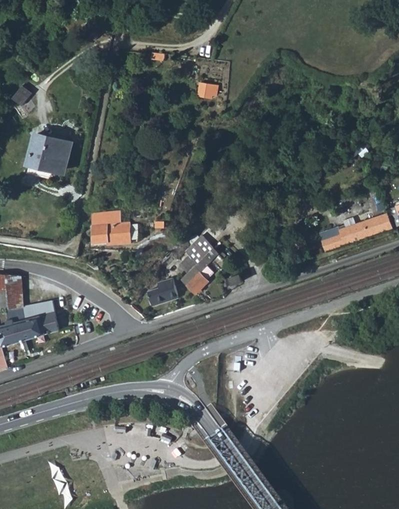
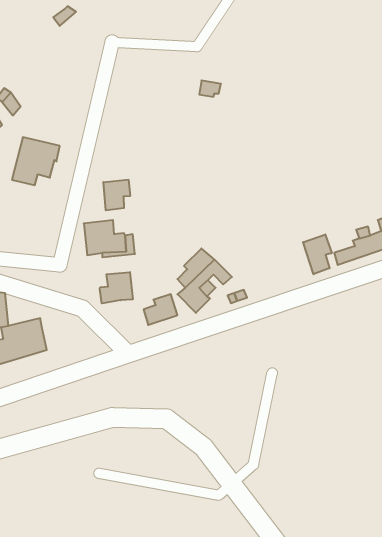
building: none -> [103,180,130,210]
building: none -> [303,234,332,274]
building: none -> [100,272,133,303]

